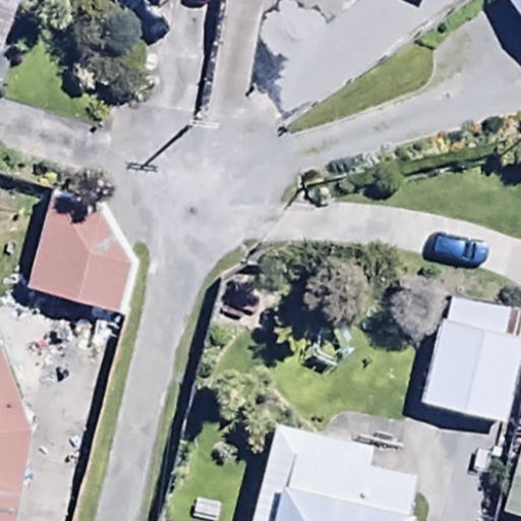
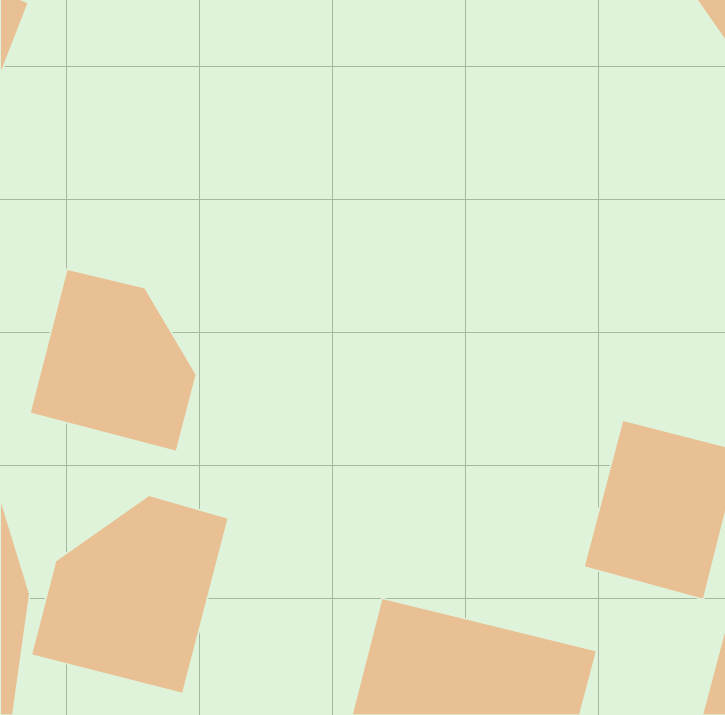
building: none -> [31,495,229,694]

